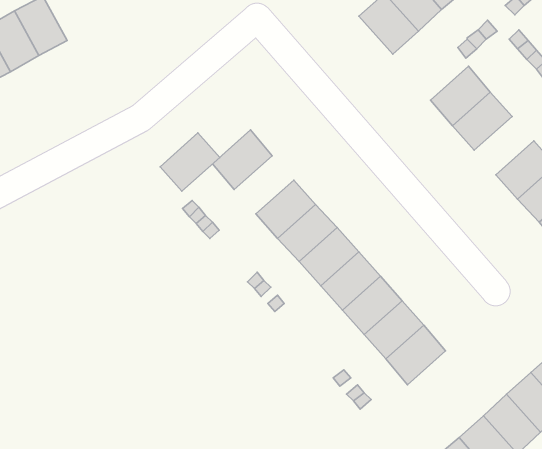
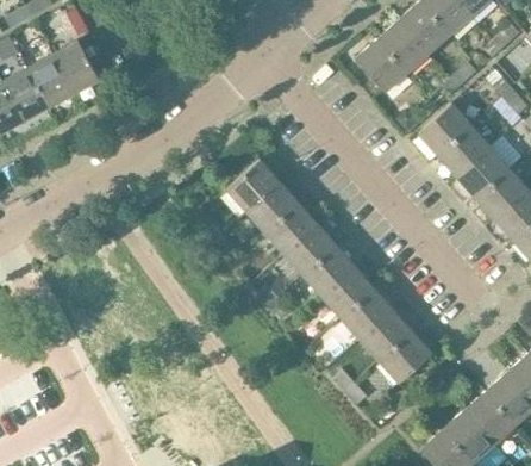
building: none -> [457,148,510,199]
building: [160,133,220,191] -> [246,182,299,234]

